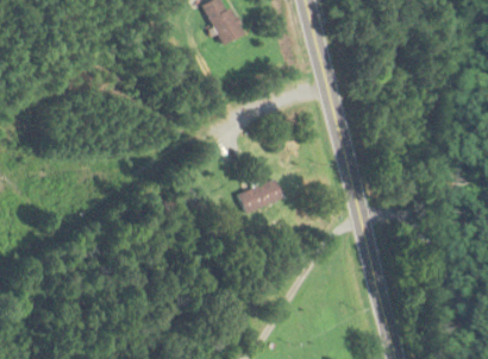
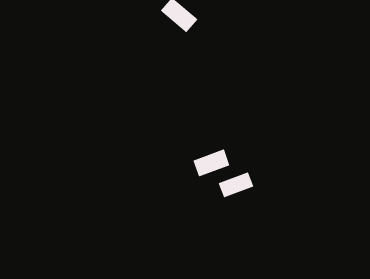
building: none -> [218,172,254,198]

